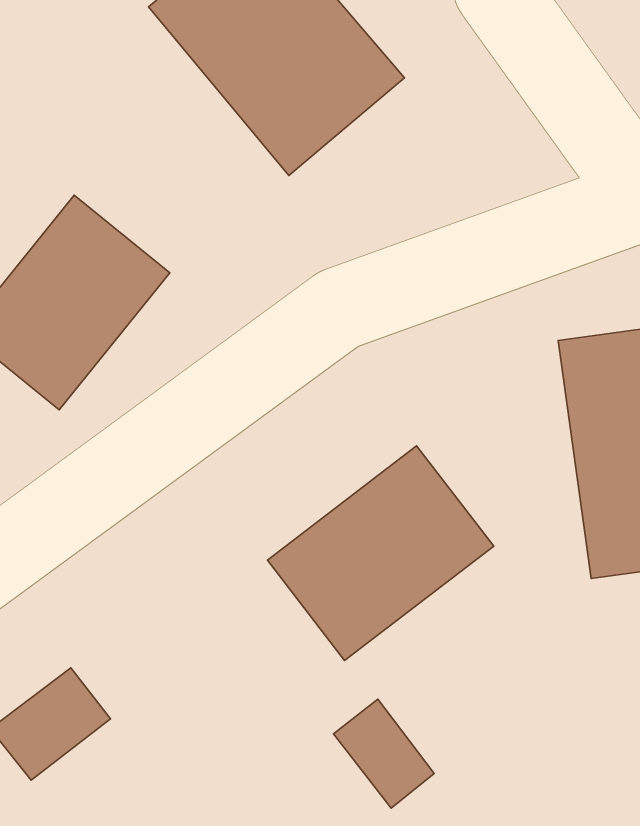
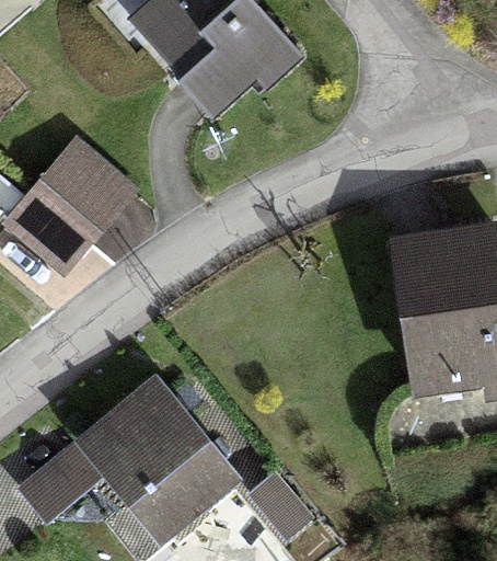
building: [268,446,494,660] -> none
building: none -> [79,378,234,539]

